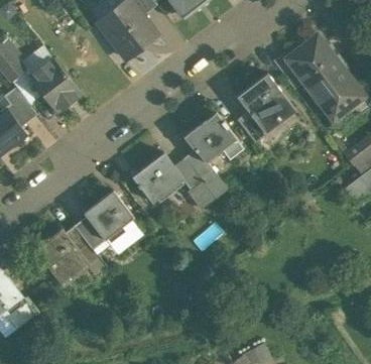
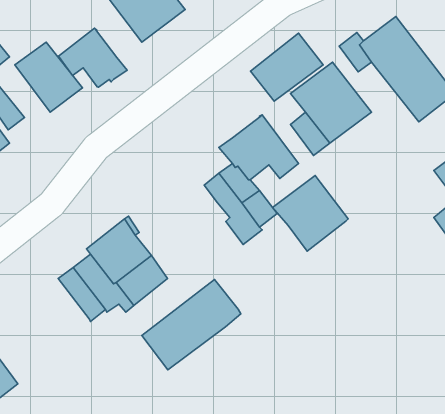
building: none -> [58,28,127,87]
building: none -> [250,33,323,101]
building: [131,153,181,203] -> none
building: none -> [272,176,348,251]
building: [35,231,86,283] -> none
building: none -> [142,279,241,370]

